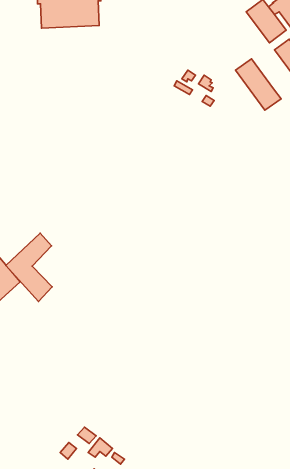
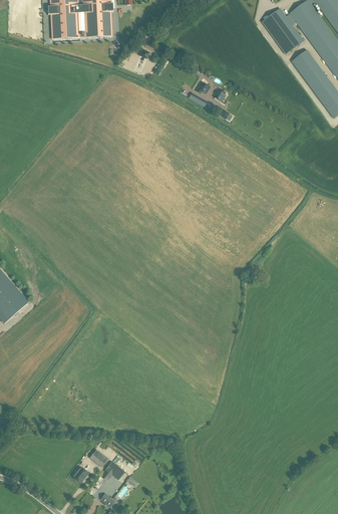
building: [235,59,281,110] -> none
building: [6,233,52,301] -> none

